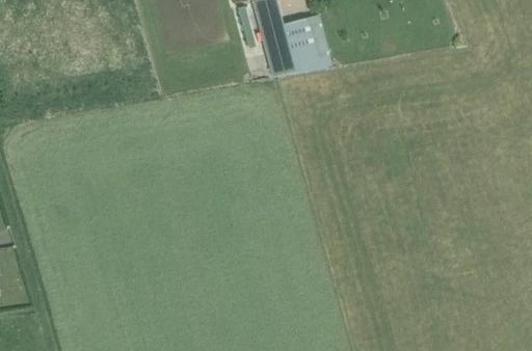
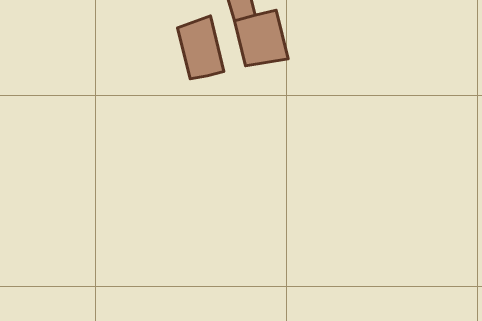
building: none -> [178,16,224,79]

